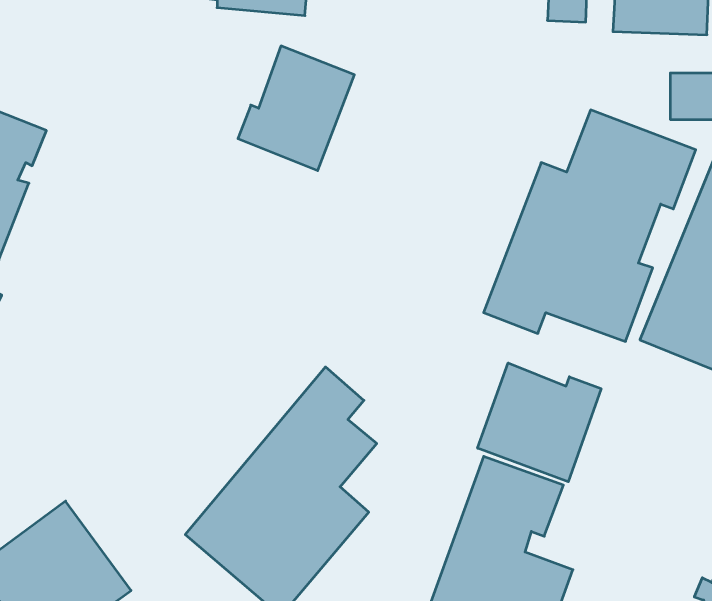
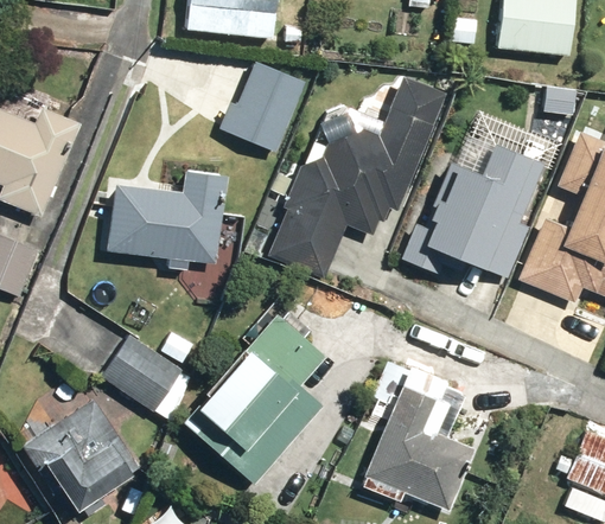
building: none -> [273,74,445,277]
building: none -> [109,170,221,271]
building: [478,363,601,482] -> none
building: none -> [101,333,182,411]

